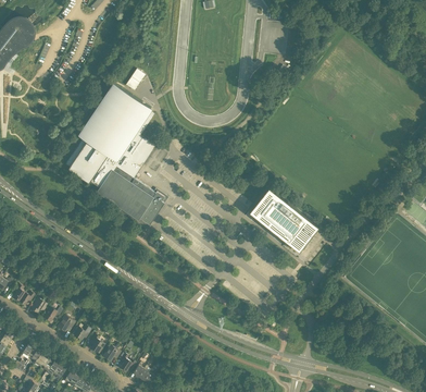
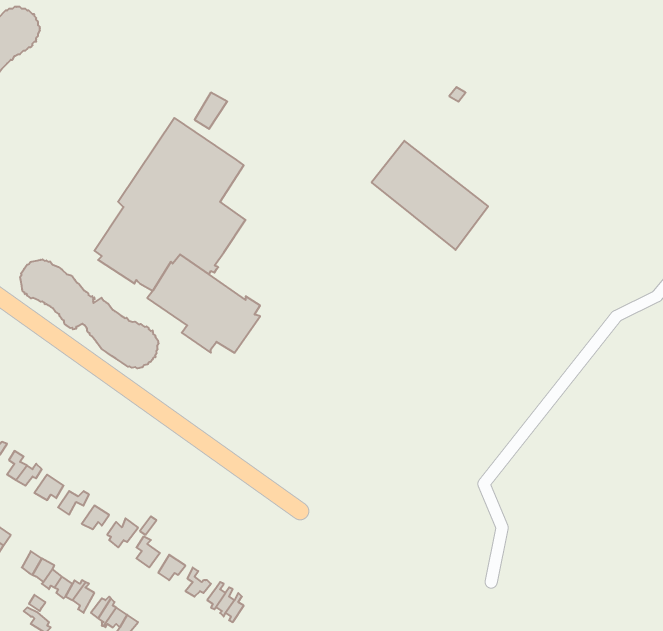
building: none -> [20,259,158,368]
building: [248,188,317,254] -> [372,141,488,250]

